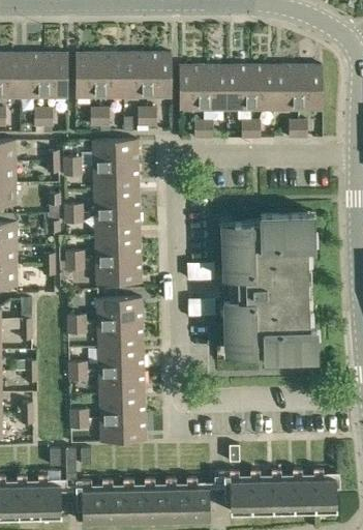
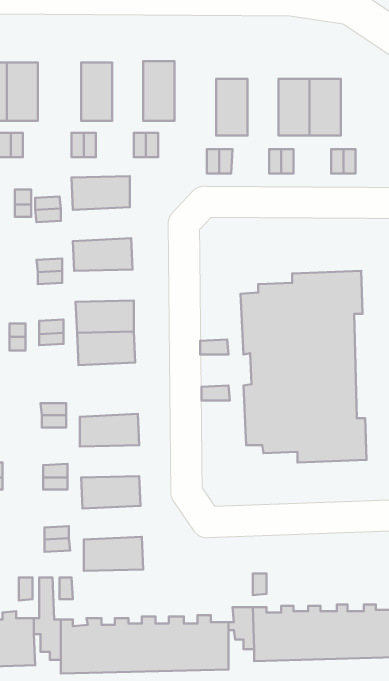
building: [122,54,146,99] -> none
building: [73,55,98,99] -> none
building: [178,67,202,111] -> none
building: [225,67,249,111] -> none
building: [297,67,322,111] -> none
building: [92,166,137,192] -> none
building: [93,213,139,238] -> none
building: [96,300,142,326] -> none
building: [97,348,143,373] -> none
building: [99,394,145,420] -> none

